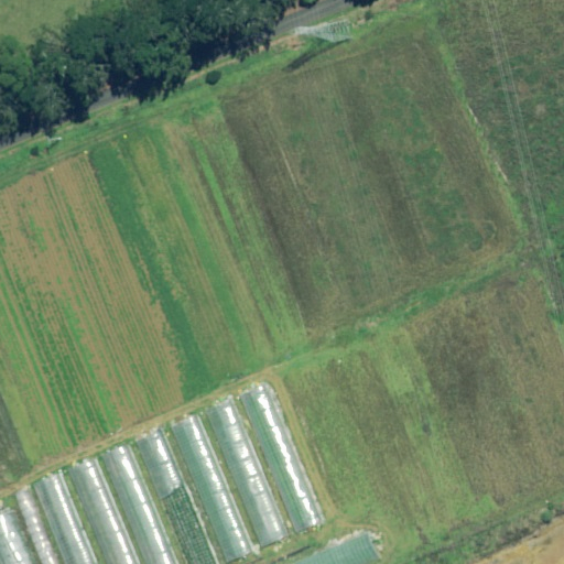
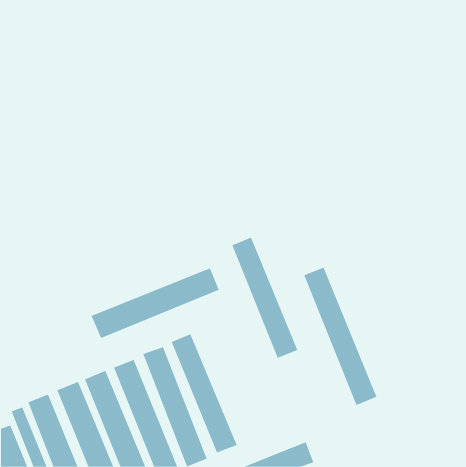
building: none -> [304,267,377,406]
building: none -> [91,268,220,339]
building: [241,386,322,532] -> [232,237,298,358]

